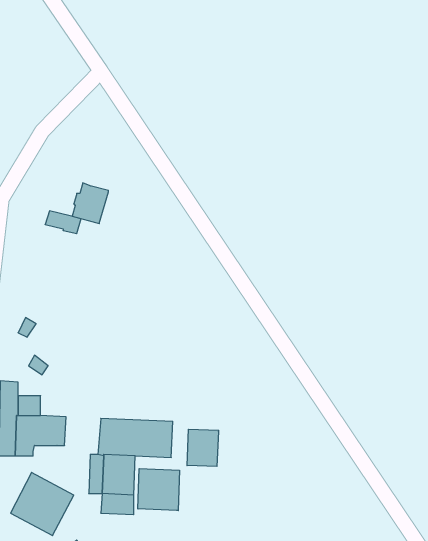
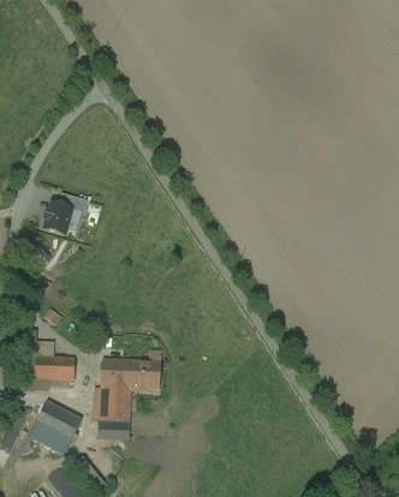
building: [72,183,108,224] -> [44,202,73,234]
building: [187,429,219,466] -> none
building: [138,469,179,511] -> none

